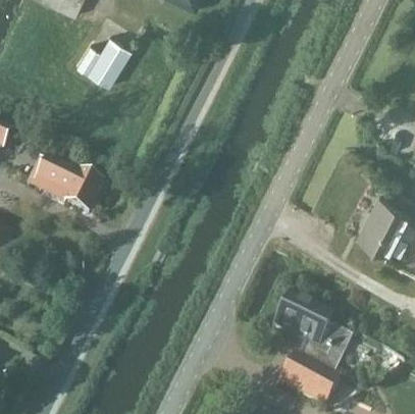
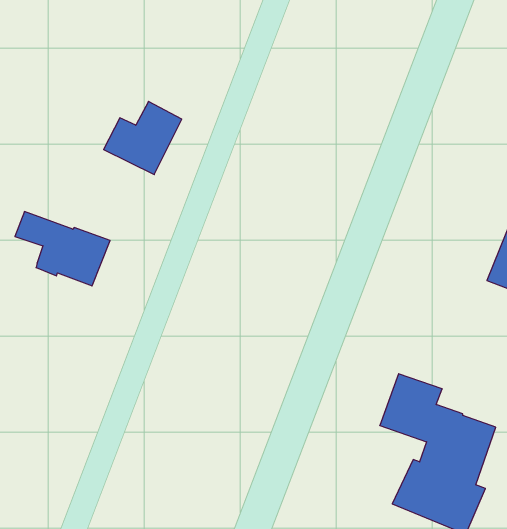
building: [76,36,132,86] -> [104,101,182,175]

